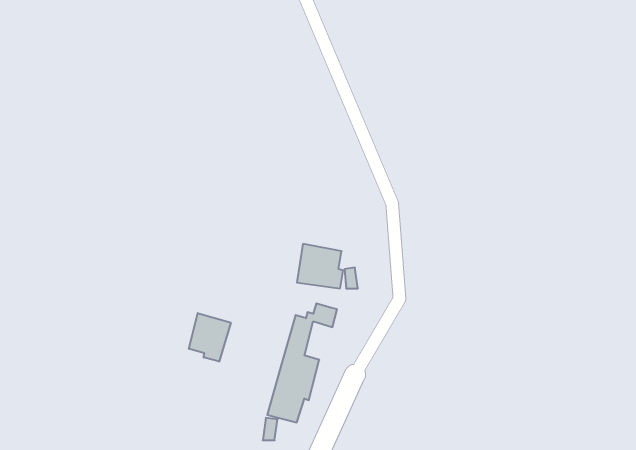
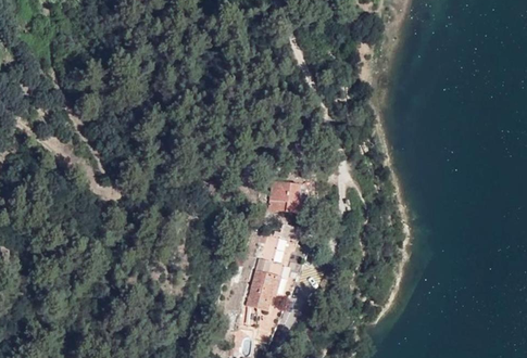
building: [189,313,231,362] -> none

